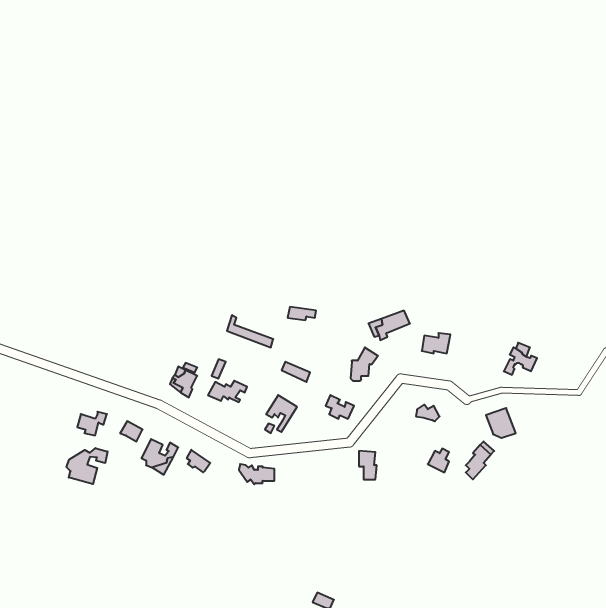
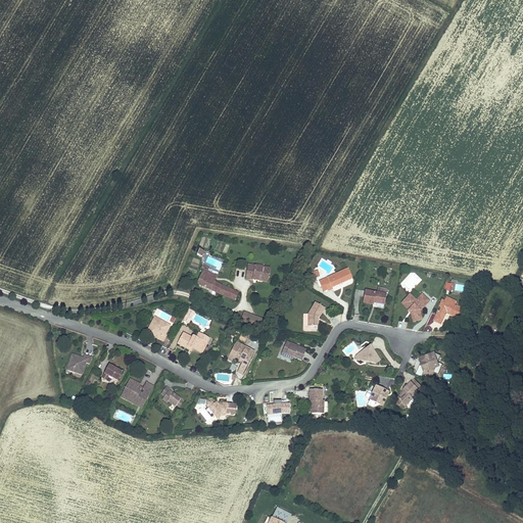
building: none -> [400,292,430,321]
building: [66,448,108,484] -> none
building: none -> [266,399,290,423]

